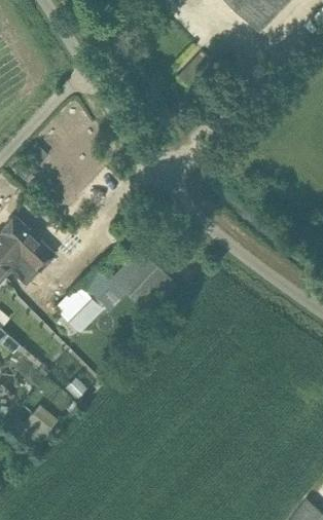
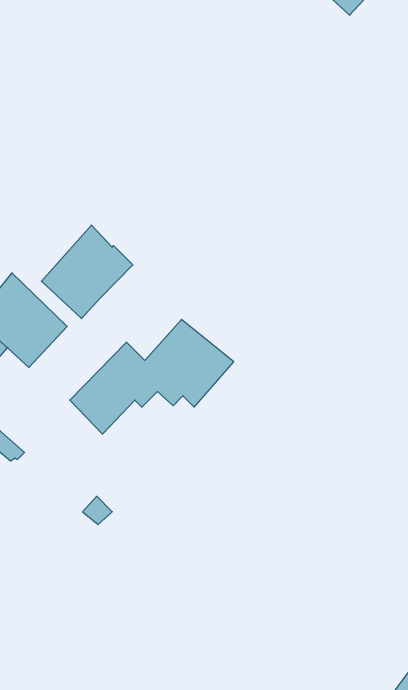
building: none -> [41,225,133,319]

